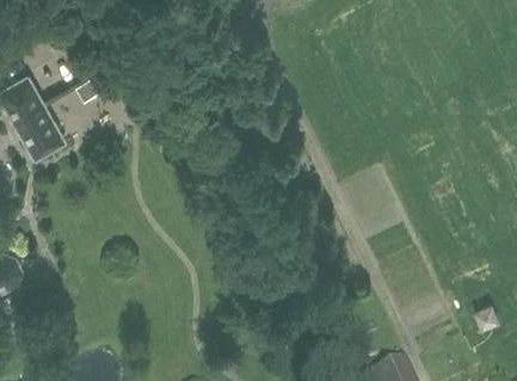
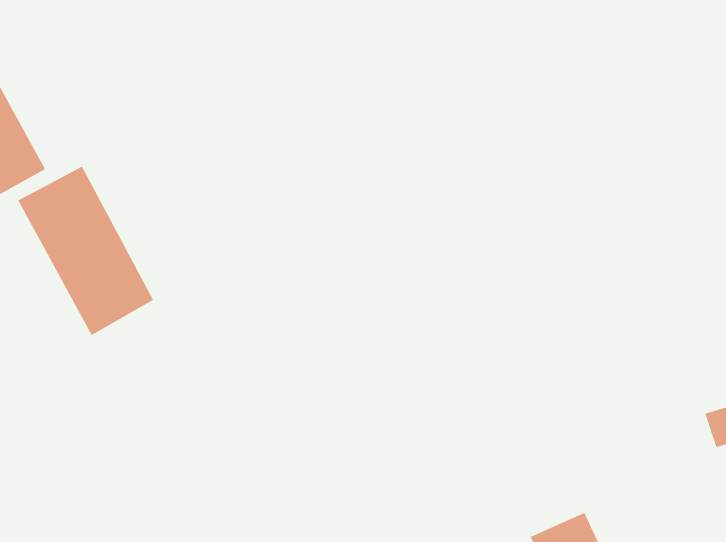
building: none -> [18,166,154,336]

